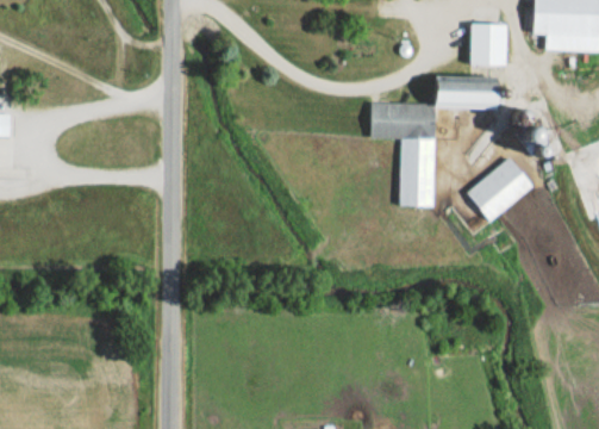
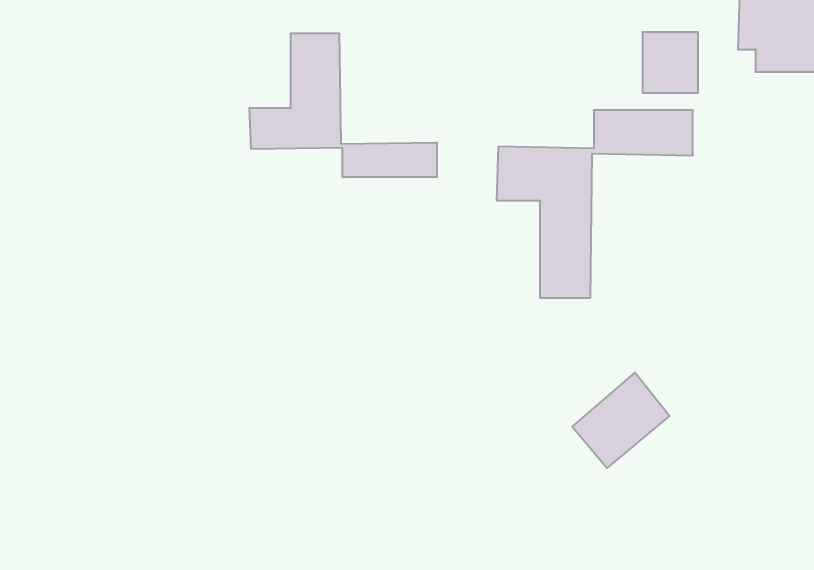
building: none -> [250,33,437,177]
building: [467,156,534,222] -> [572,373,670,468]

